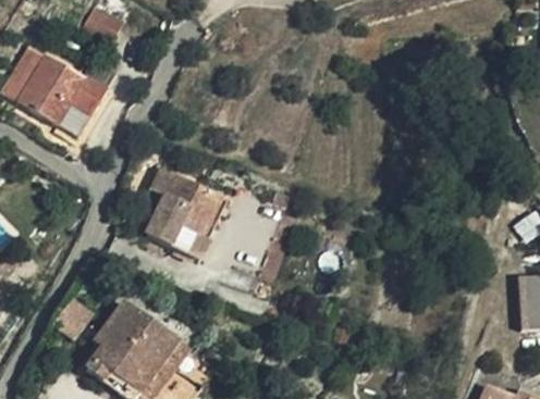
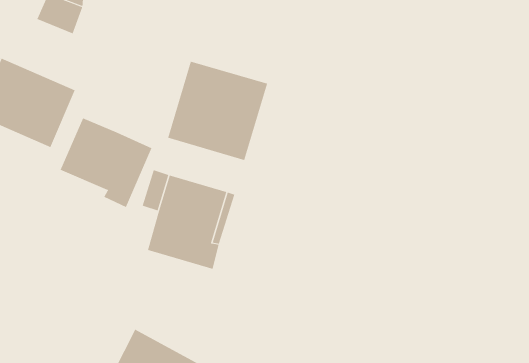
building: none -> [167,61,268,161]
building: none -> [60,118,152,208]

